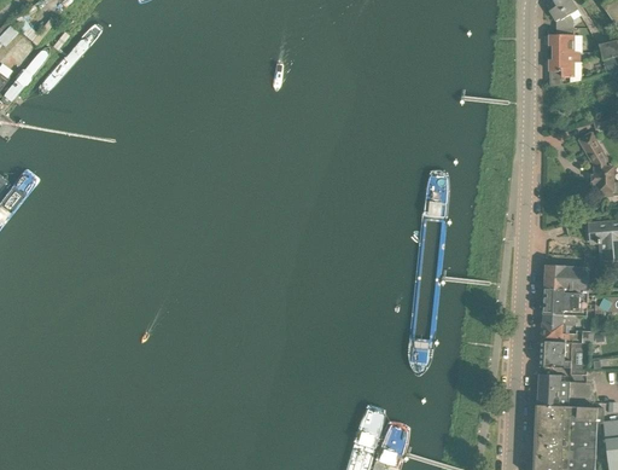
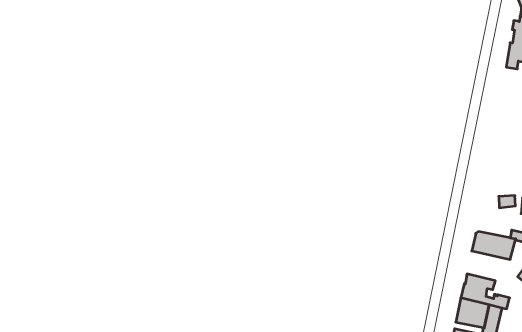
building: [544,286,588,314] -> none

